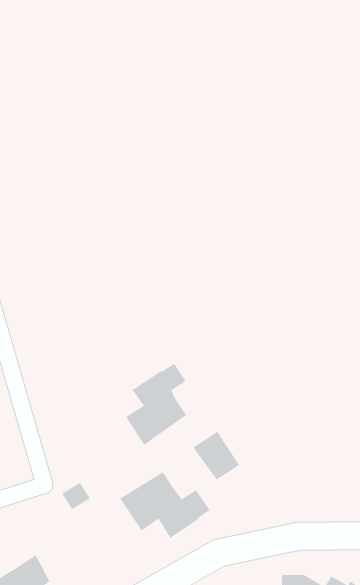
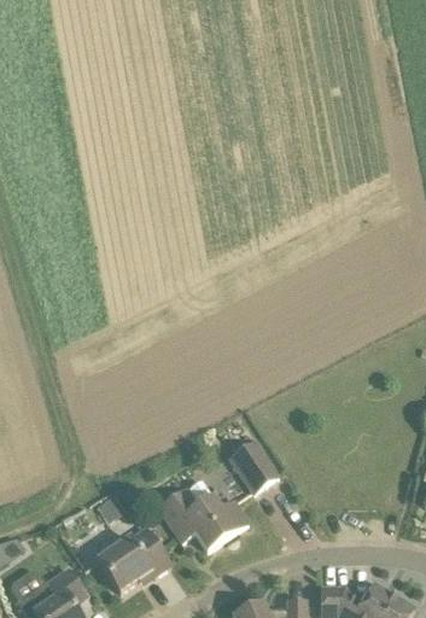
building: [125,363,187,446] -> none
building: none -> [98,527,171,591]

